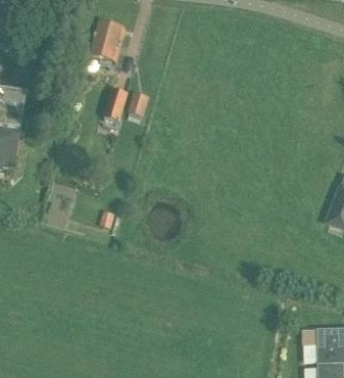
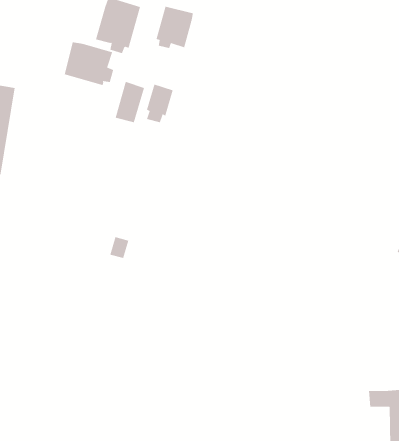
building: none -> [156,6,193,49]
building: none -> [64,41,114,86]

